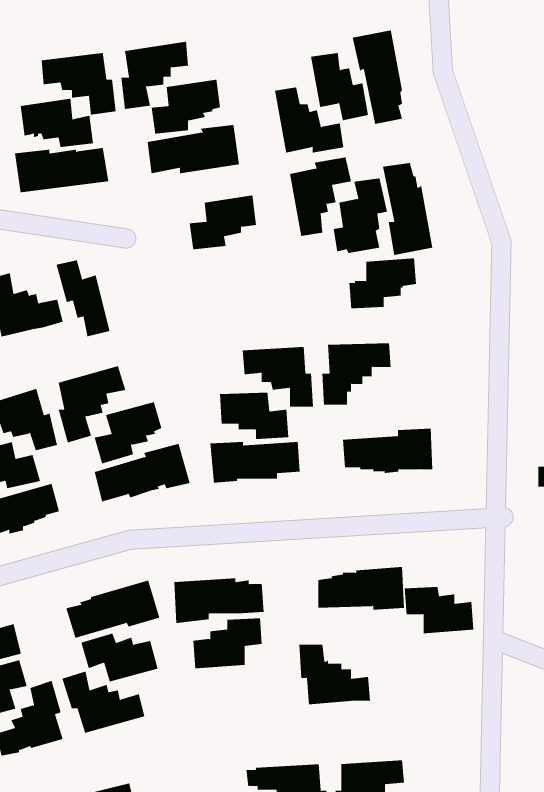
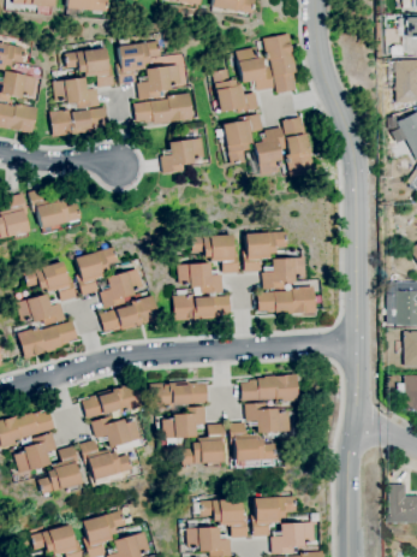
building: [349,258,417,309] -> [262,257,305,290]
building: [56,259,110,337] -> none
building: [404,586,474,634] -> [245,403,290,433]
building: none -> [180,425,225,464]

